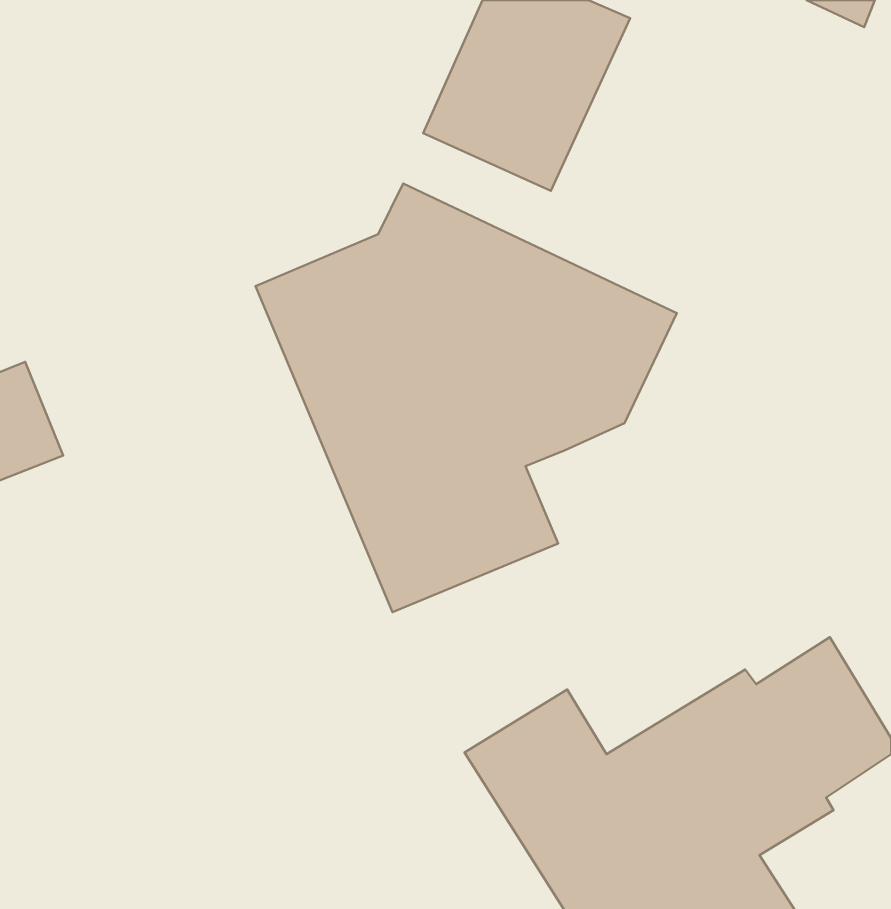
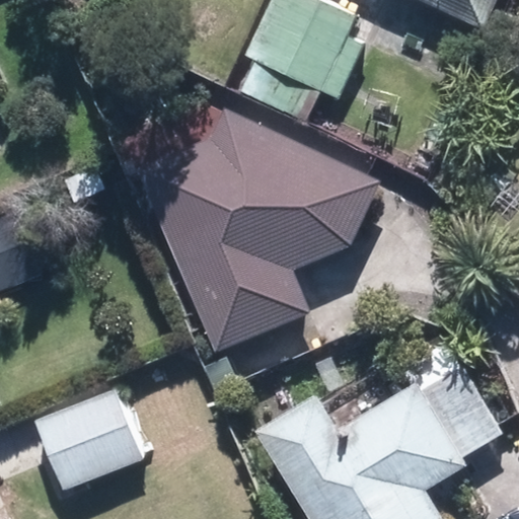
building: none -> [40,391,144,488]

